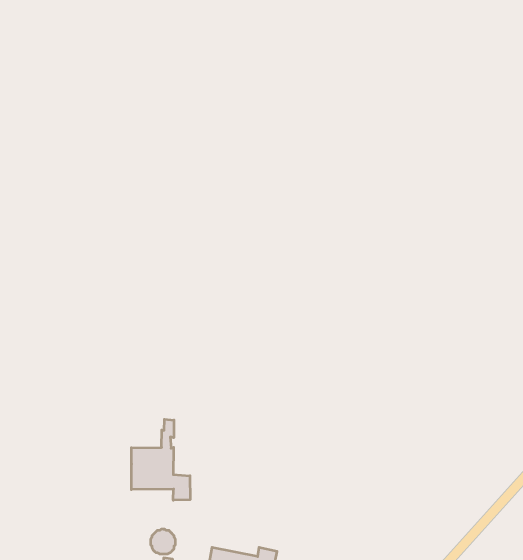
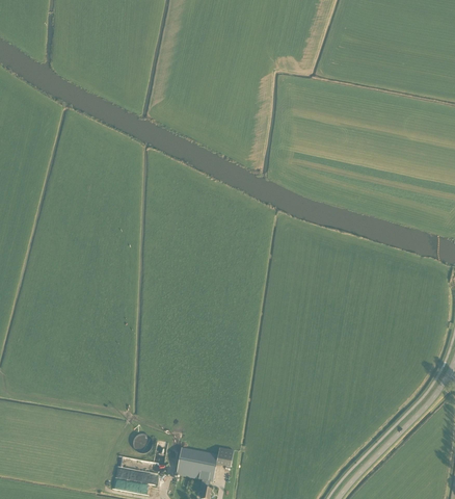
building: [131,419,190,500] -> none

